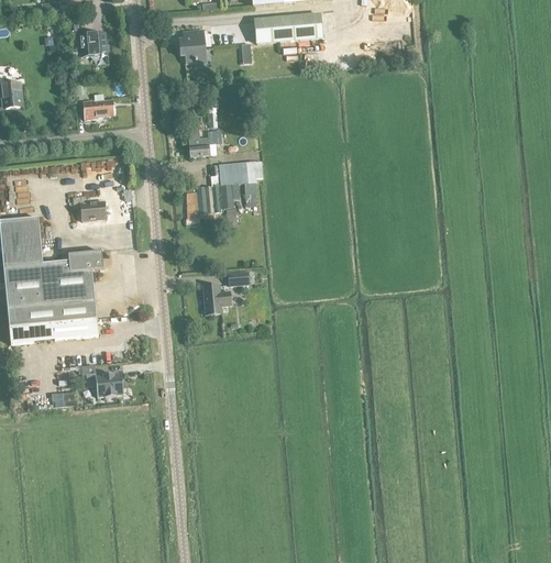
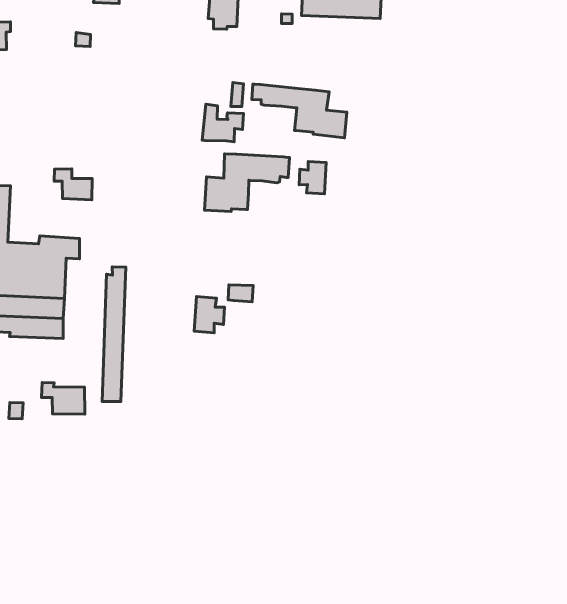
building: [84,99,114,119] -> none
building: none -> [252,84,347,138]
building: none -> [299,162,326,194]
building: none -> [102,267,126,402]

